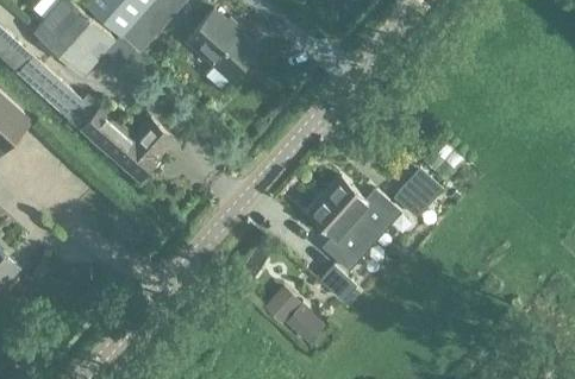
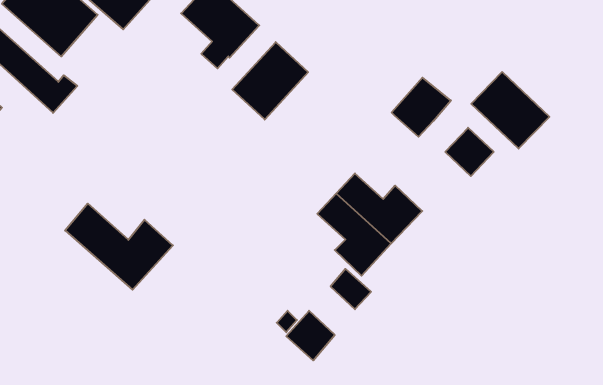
building: none -> [232,42,308,120]
building: none -> [471,72,549,149]
building: [79,103,174,179] -> [65,204,173,290]
building: [390,164,443,216] -> [392,78,451,137]

